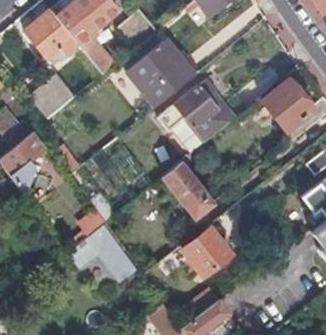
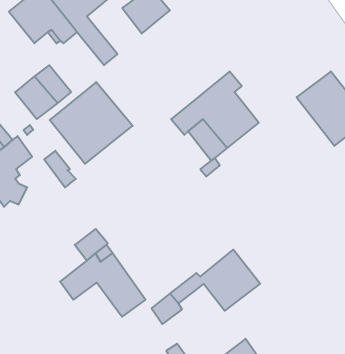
building: [126,39,195,106] -> [50,82,133,164]
building: [164,161,213,216] -> none

